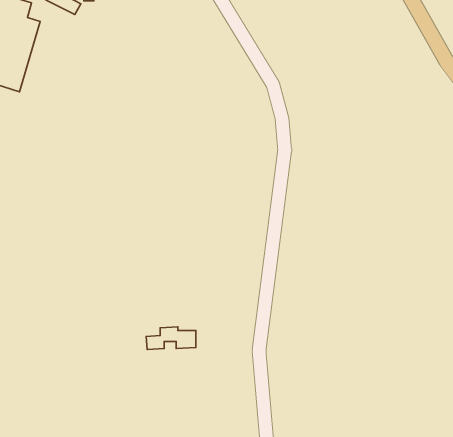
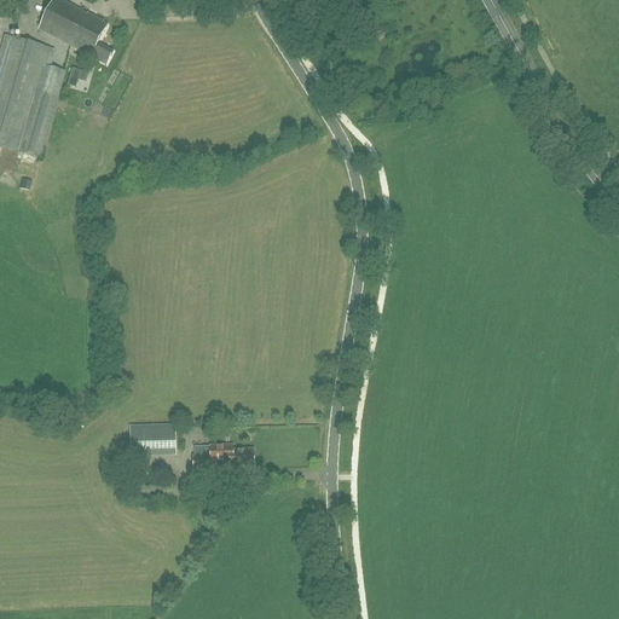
building: none -> [128,421,174,446]

